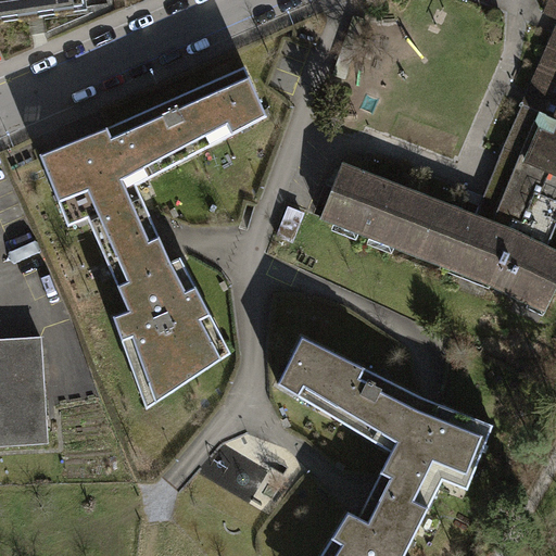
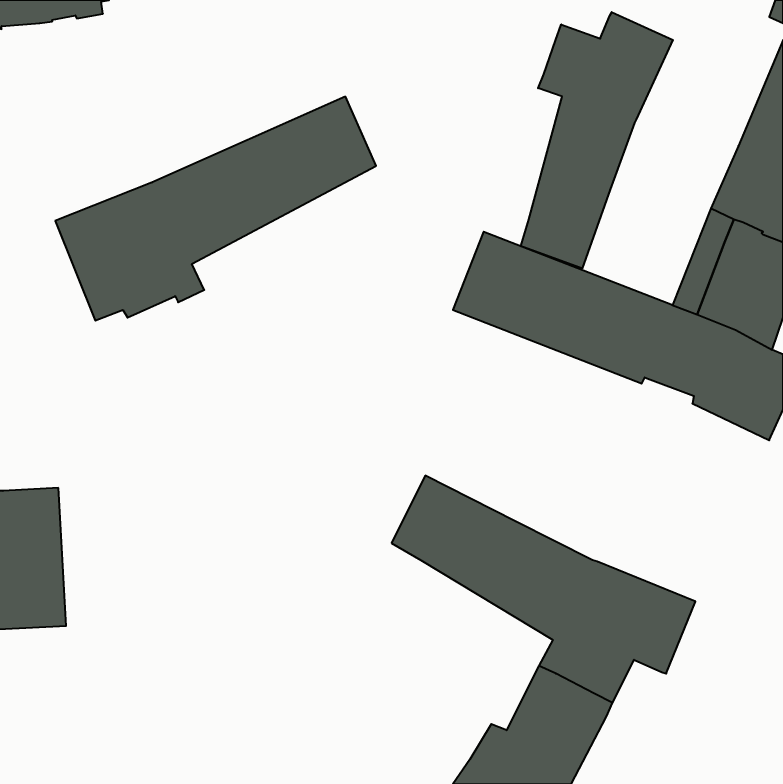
building: none -> [521,12,673,269]
building: [90,205,223,395] -> none

